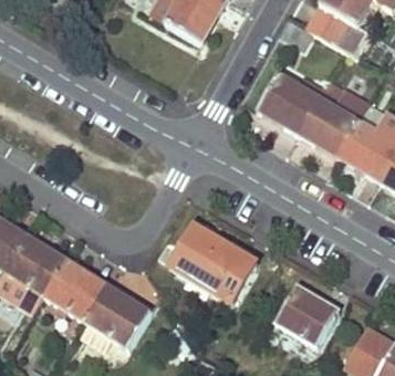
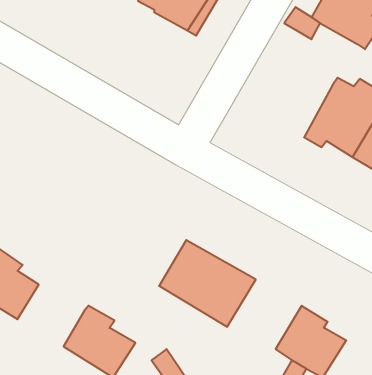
building: [261,72,324,133] -> none
building: [43,257,103,320] -> none

